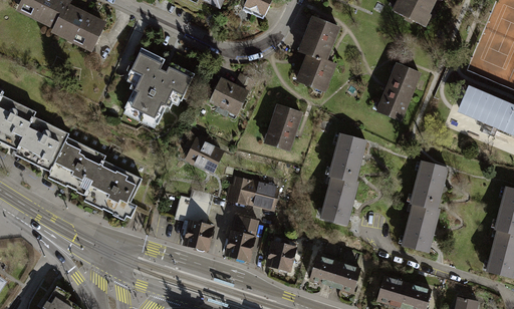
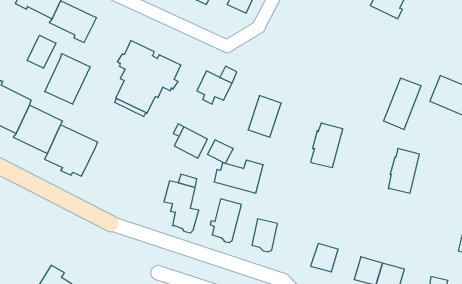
building: [299,17,337,89] -> none
building: none -> [27,35,56,68]
building: none -> [45,54,90,104]
building: [377,64,418,118] -> [383,78,421,129]
building: none -> [207,140,233,164]
building: [85,160,142,218] -> none
building: [322,177,356,224] -> none
building: [405,204,439,251] -> none
building: [310,255,339,286] -> none

